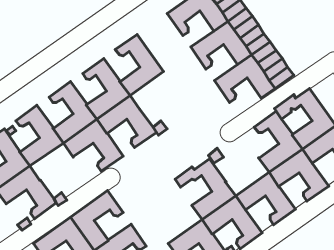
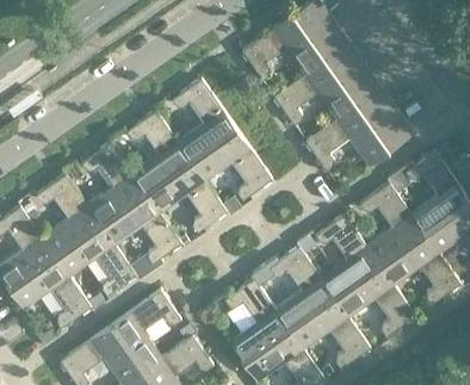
building: none -> [192,131,273,203]
building: none -> [315,217,381,299]
building: none -> [56,228,137,298]
building: none -> [225,280,290,364]

